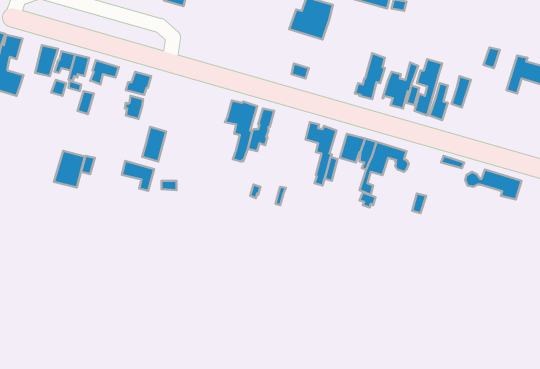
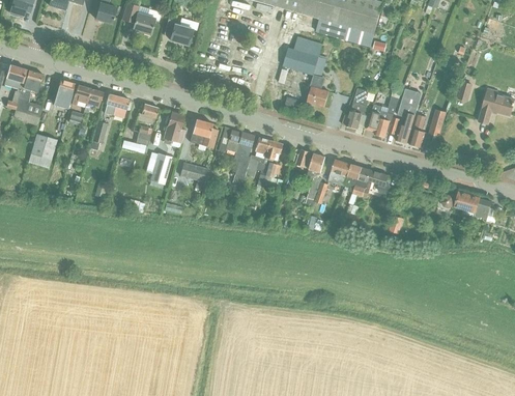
building: none -> [308,56,330,107]
building: none -> [164,111,185,147]
building: none -> [190,119,218,148]
building: none -> [254,139,282,196]
building: [54,151,85,188] -> [28,134,56,167]
building: [122,161,154,191] -> [179,163,208,190]

